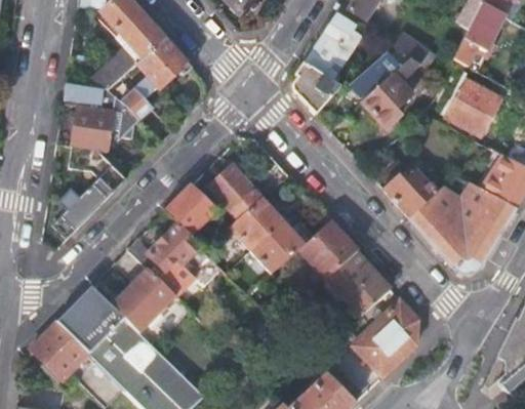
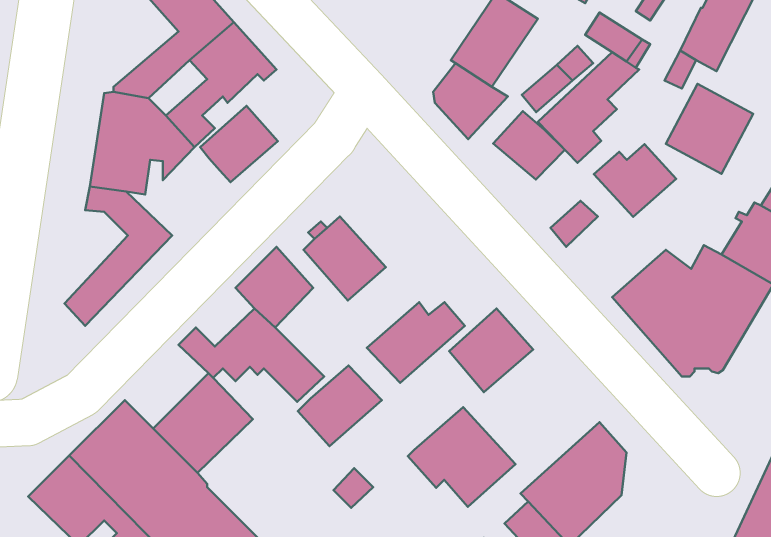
building: none -> [200,106,278,182]
building: none -> [493,111,565,179]
building: [385,170,438,217] -> [594,144,676,217]
building: [231,198,285,250] -> [298,365,382,446]
building: [323,251,393,316] -> [408,407,515,507]

